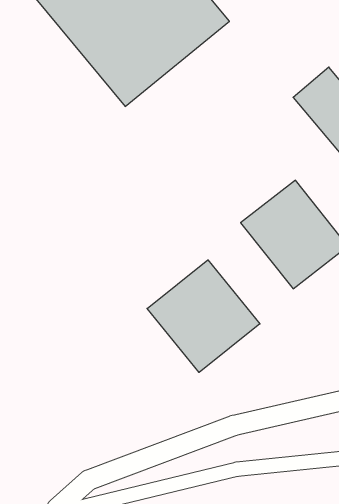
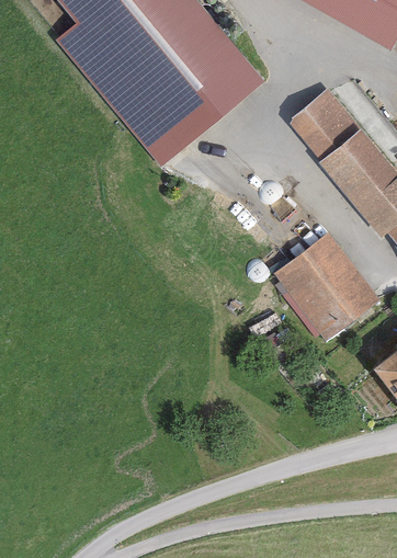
building: none -> [296,90,358,155]
building: [147,260,260,372] -> none

